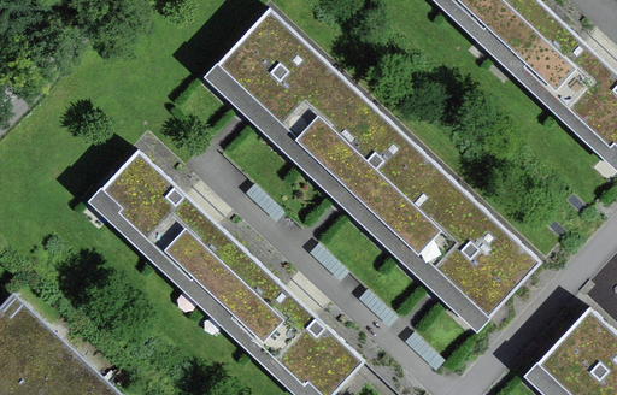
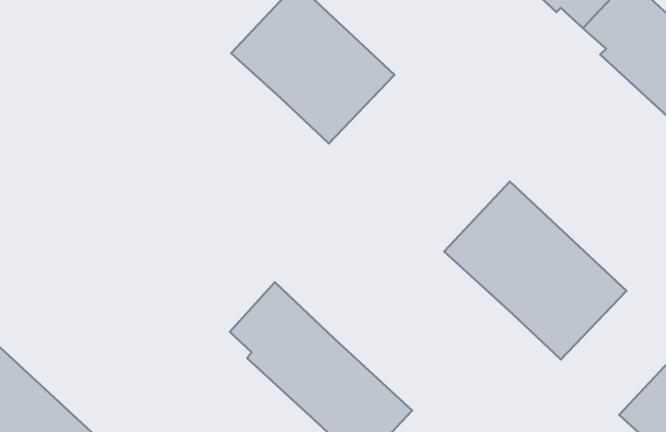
building: [294,87,443,232] -> none
building: [98,153,249,299] -> none

